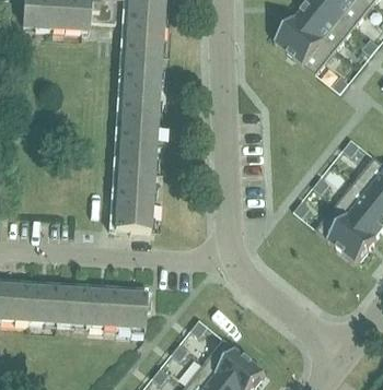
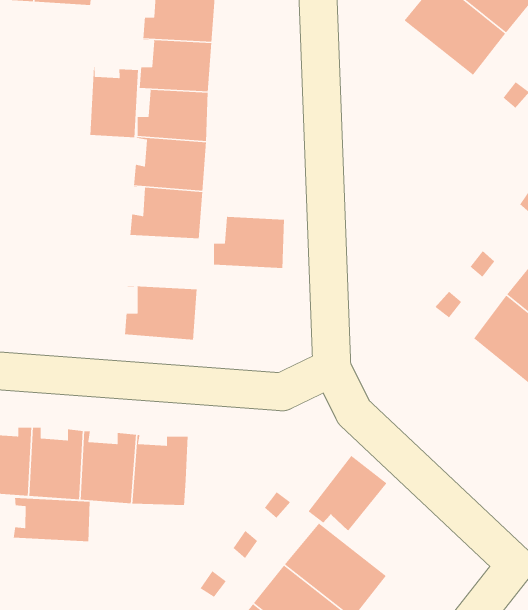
building: none -> [90,65,139,138]
building: [111,167,153,199] -> [213,215,285,269]
building: none -> [308,455,388,539]
building: none -> [13,497,90,542]

